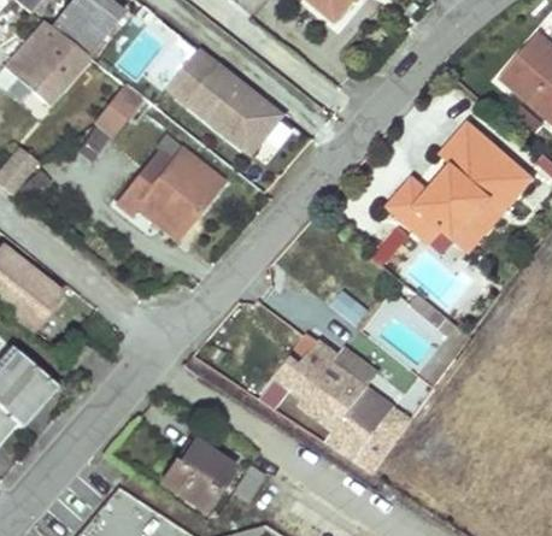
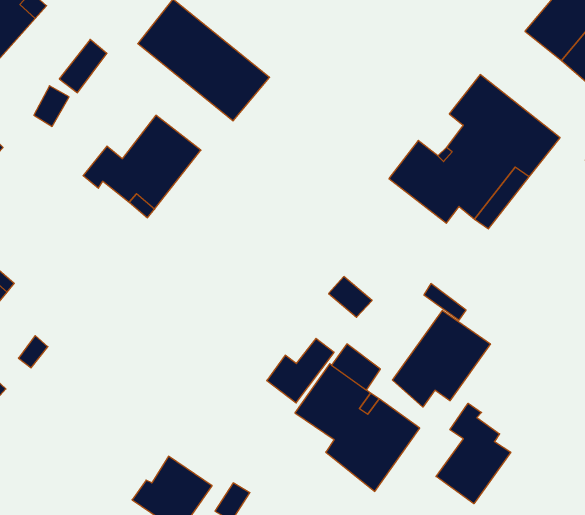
building: none -> [392,310,490,407]
building: none -> [436,403,511,504]

